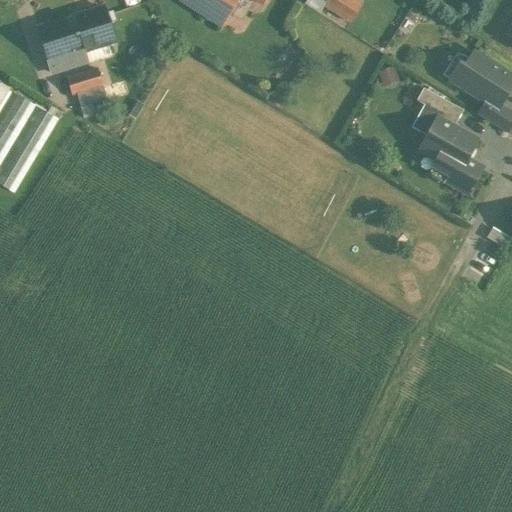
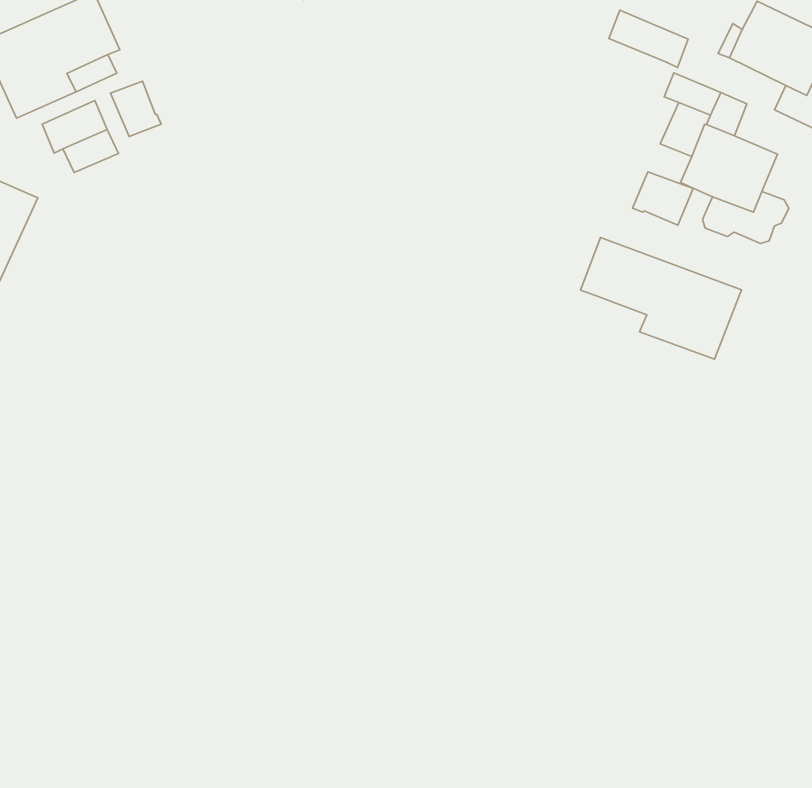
building: none -> [609,10,688,67]
building: none -> [110,81,161,136]
building: none -> [632,172,693,225]
building: none -> [581,238,742,359]

